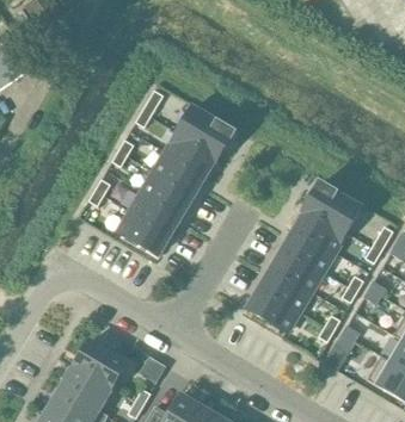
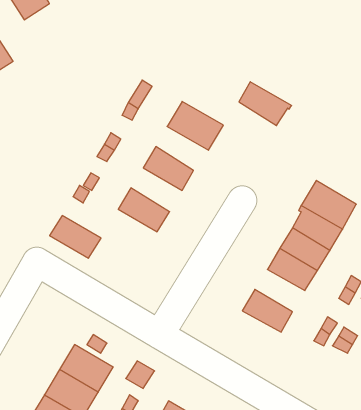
building: [167,132,217,174] -> [239,82,292,126]
building: [143,172,192,213] -> none
building: [119,211,168,252] -> [50,216,101,258]
building: [262,268,309,309] -> none

